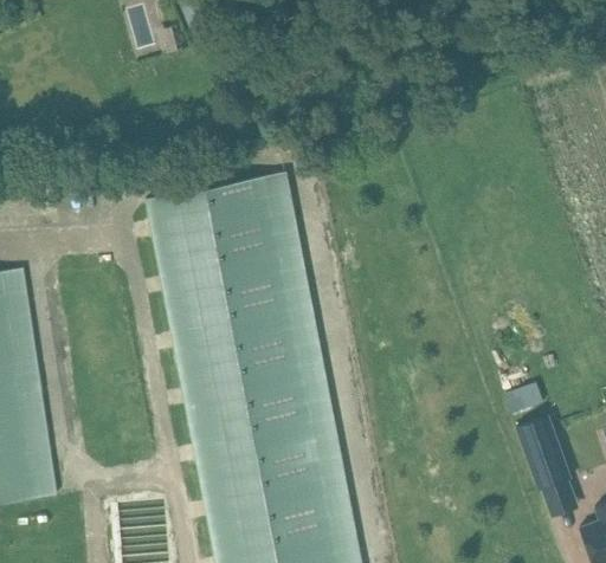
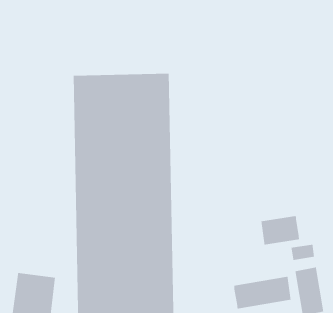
building: none -> [260,215,300,245]
building: none -> [233,276,291,309]

